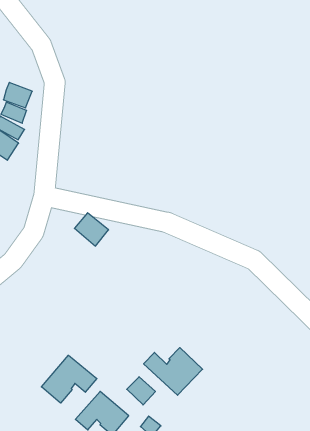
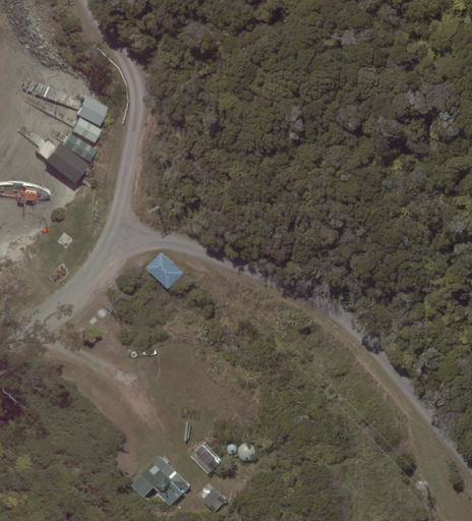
building: [144,348,203,395] -> none
building: [41,355,97,403] -> none

